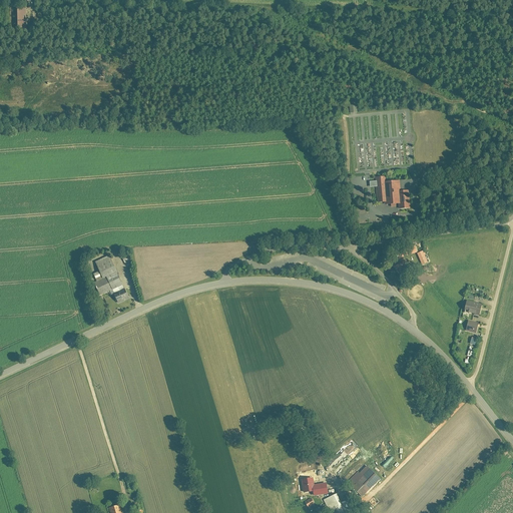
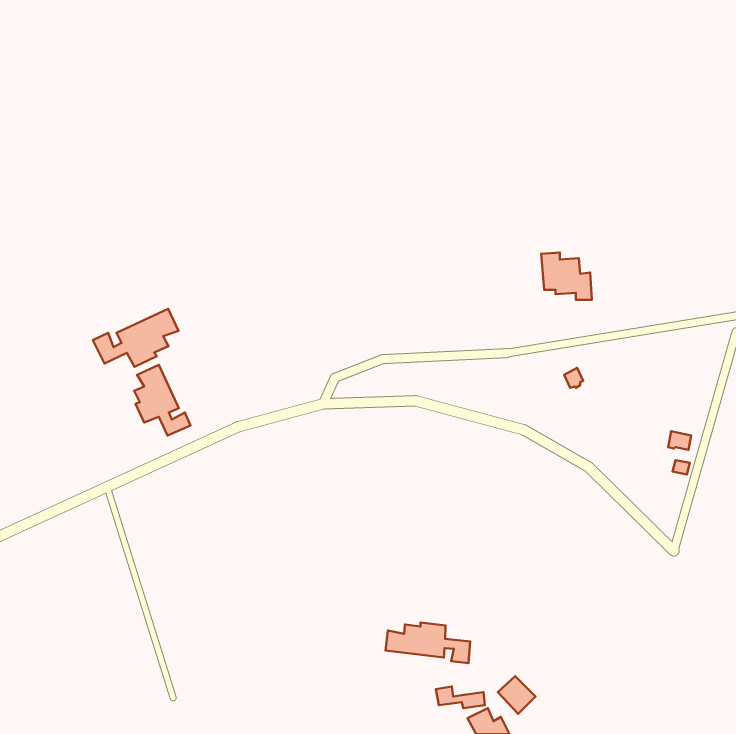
building: none -> [93,309,179,367]
building: none -> [386,623,470,663]

